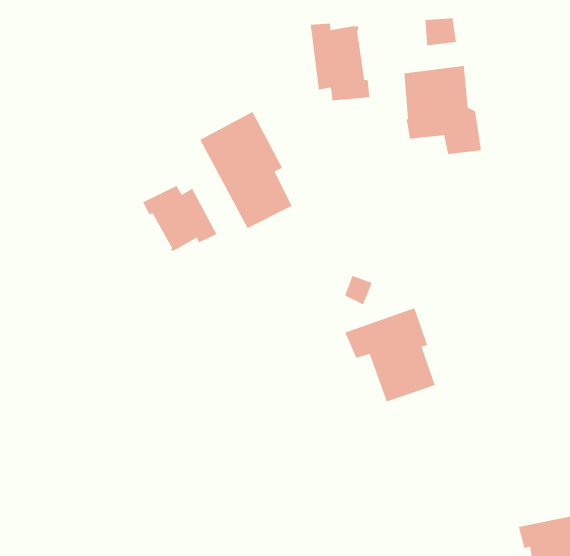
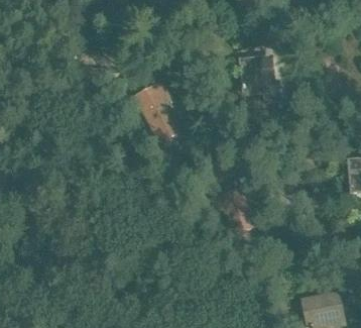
building: [310,23,370,101] -> none
building: [142,185,218,252] -> none

